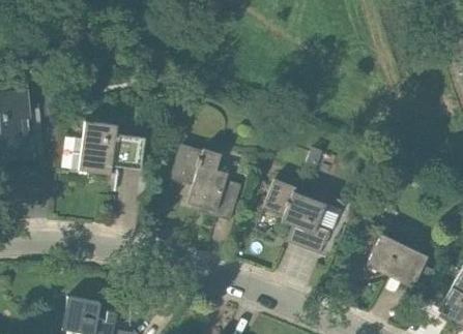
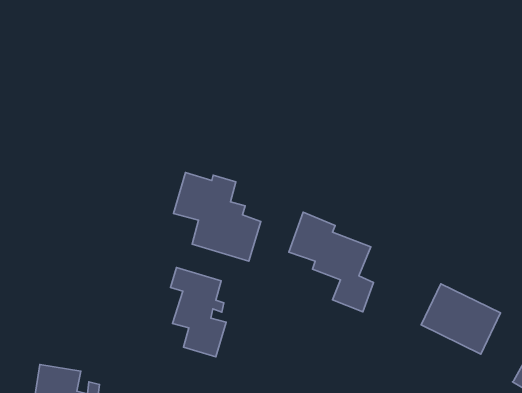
building: [79,120,145,175] -> none
building: none -> [171,267,226,357]

